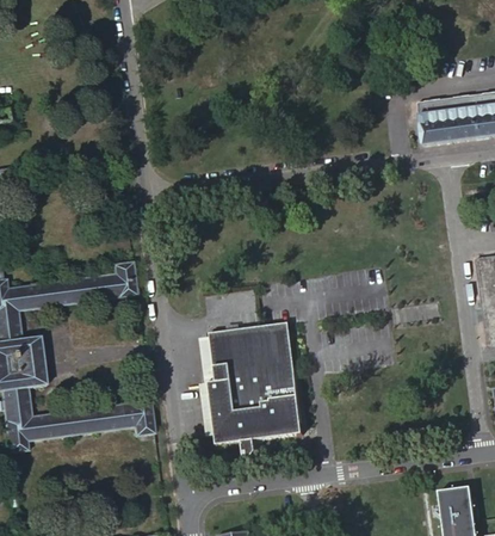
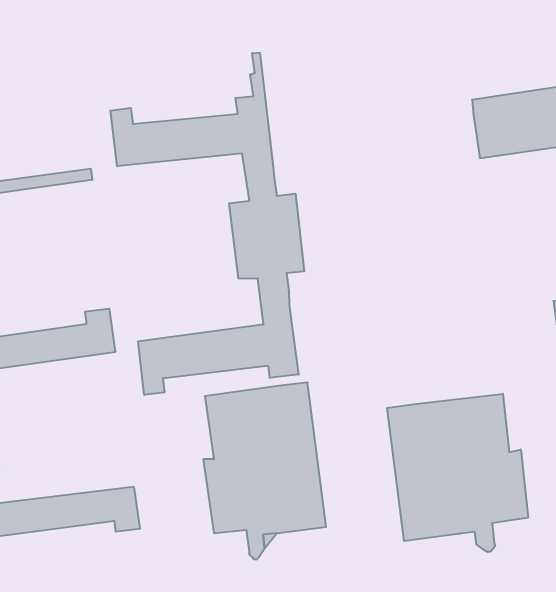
building: none -> [111,53,304,395]
building: none -> [387,394,528,552]

